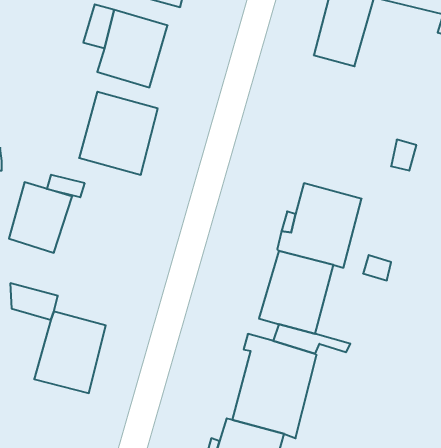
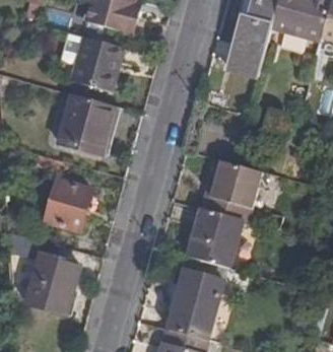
building: [9,182,72,253] -> [47,181,92,231]

